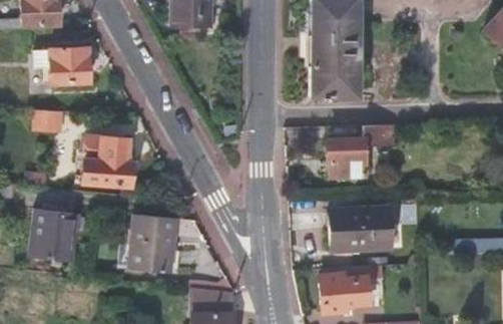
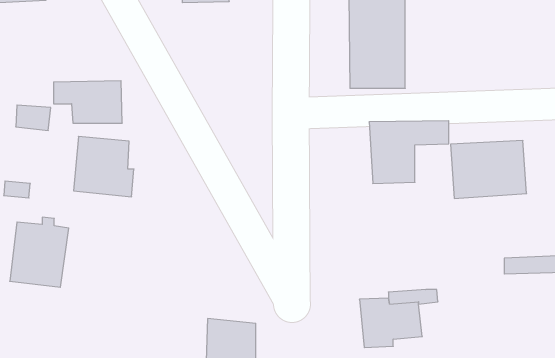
building: [35,48,92,83] -> [54,81,122,123]
building: [330,205,393,253] -> [451,141,527,198]
building: [127,214,176,273] -> none

